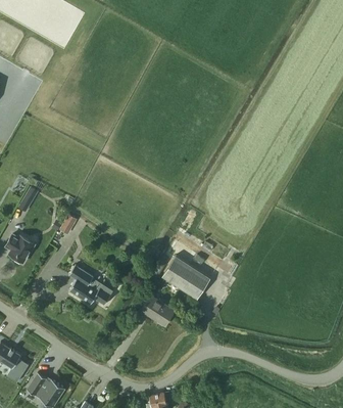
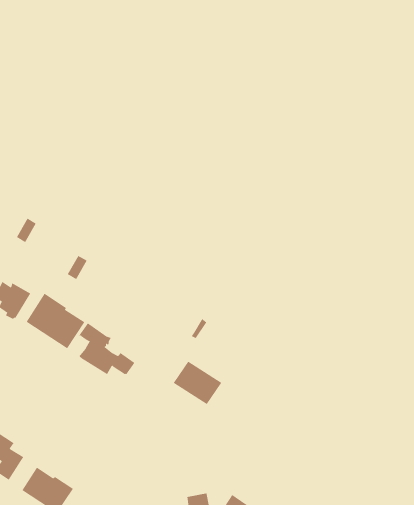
building: none -> [26,293,85,349]
building: [161,255,210,299] -> none

